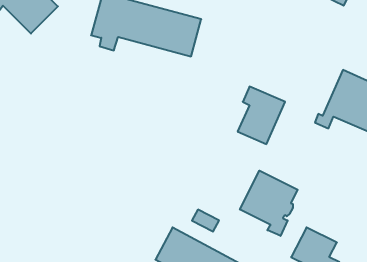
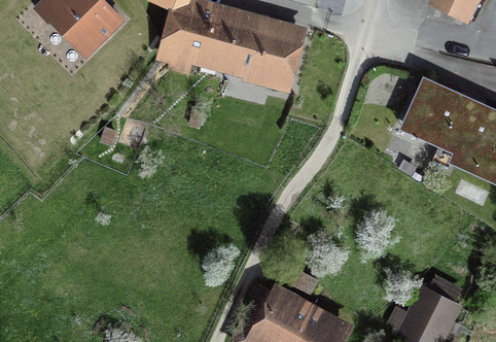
building: [238,87,285,144] -> [409,78,466,148]
building: [240,171,298,236] -> none

